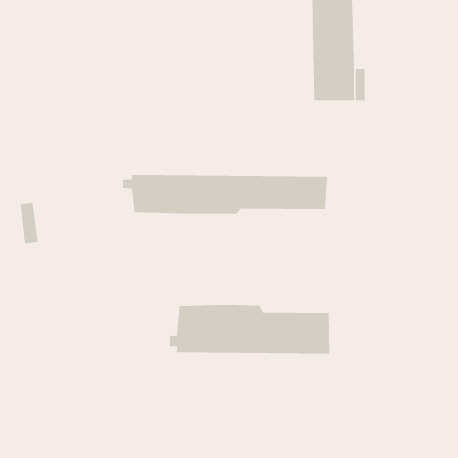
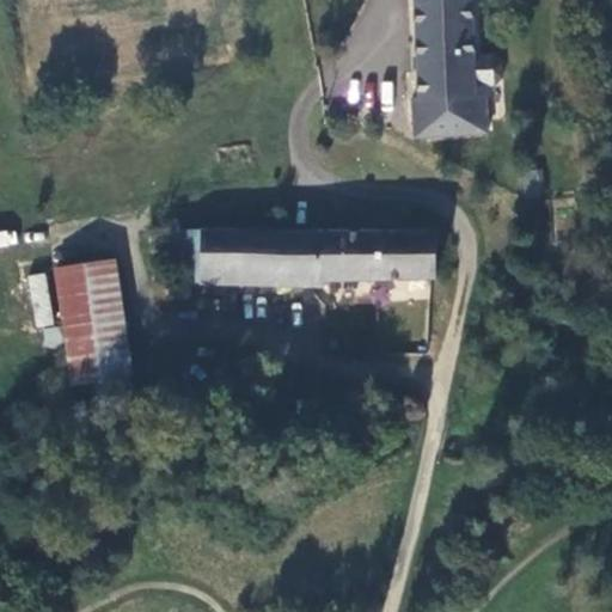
building: none -> [54,258,131,378]
building: [169,304,330,354] -> none

